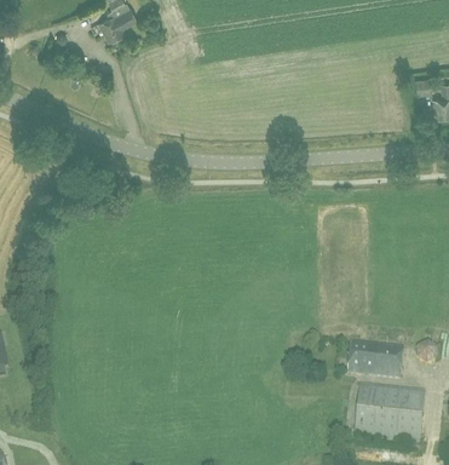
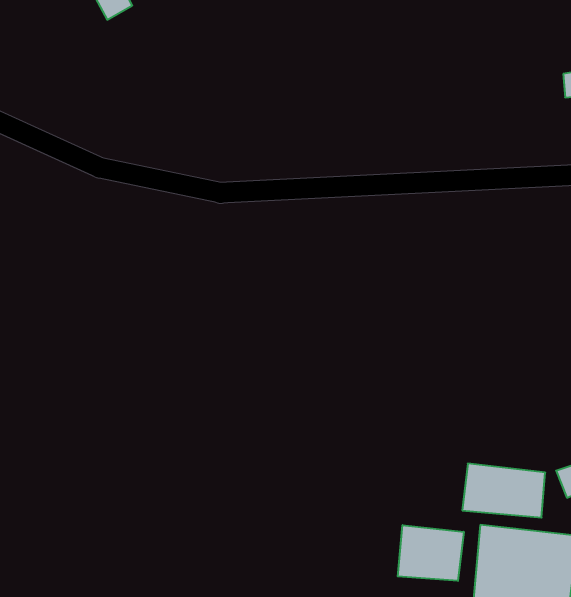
building: none -> [398,525,464,581]

